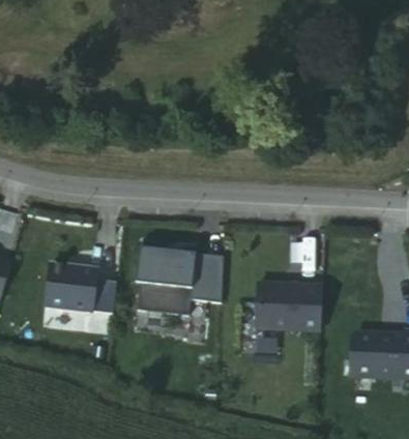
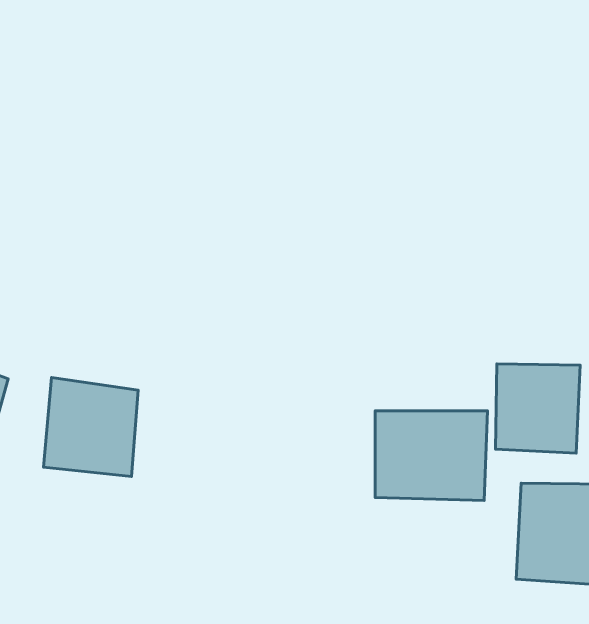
building: [133,242,229,324] -> none
building: none -> [496,364,580,453]

